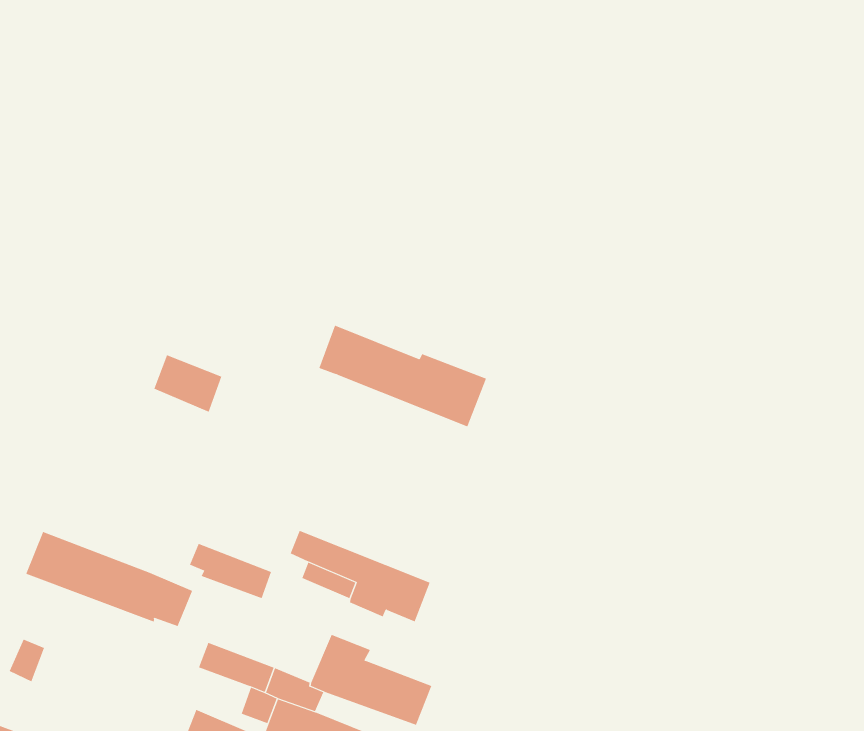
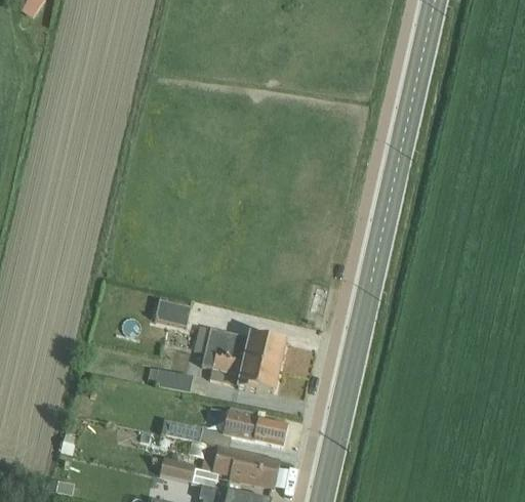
building: [318,325,487,427] -> [194,325,285,369]
building: [154,355,222,413] -> [155,299,191,327]
building: [26,531,193,627] -> none

